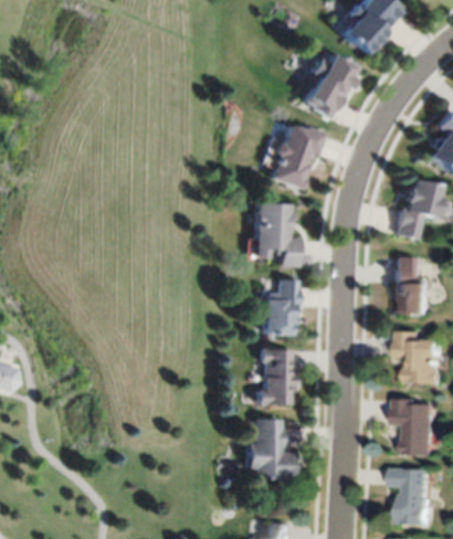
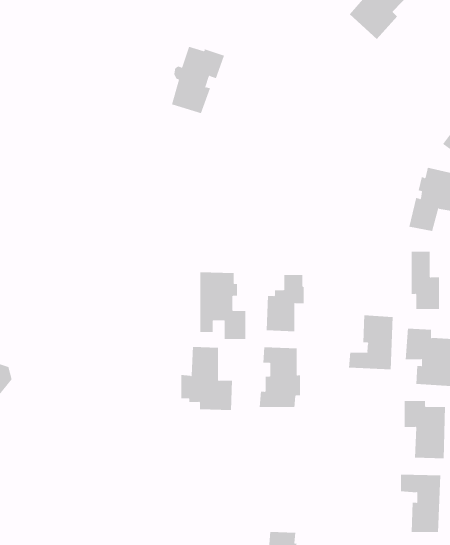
building: [302,54,351,119] -> none
building: [272,125,323,189] -> [171,46,225,114]
building: [255,202,299,266] -> [199,272,246,340]
building: none -> [348,314,393,370]
building: [243,419,293,479] -> [180,346,233,411]

